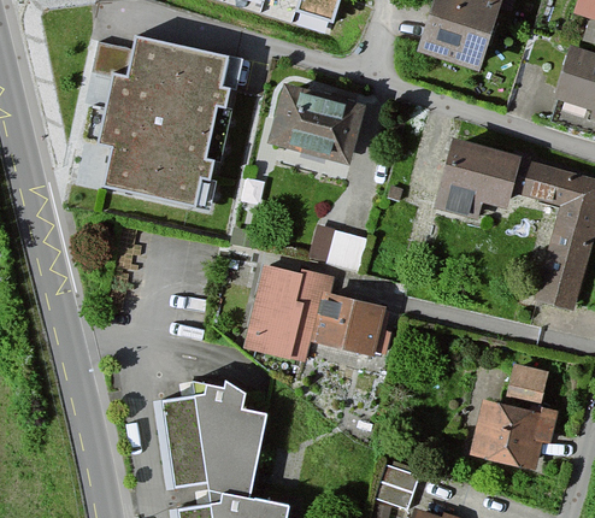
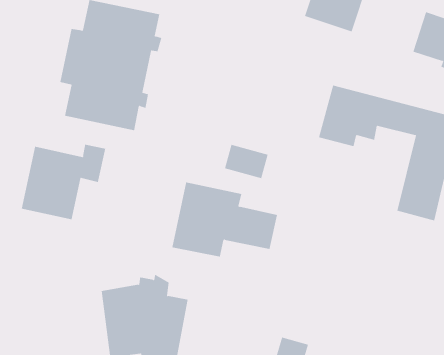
building: [267,86,366,166] -> none
building: none -> [21,144,106,220]
building: [471,365,558,470] -> none

